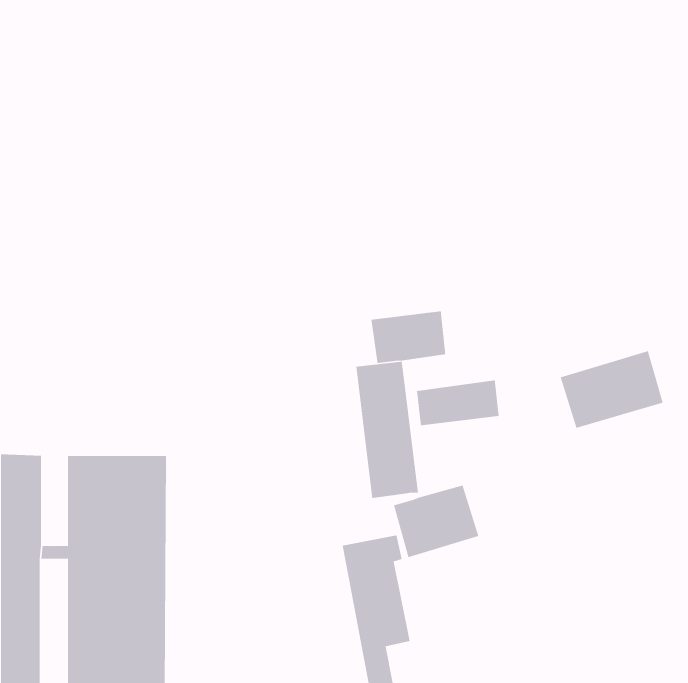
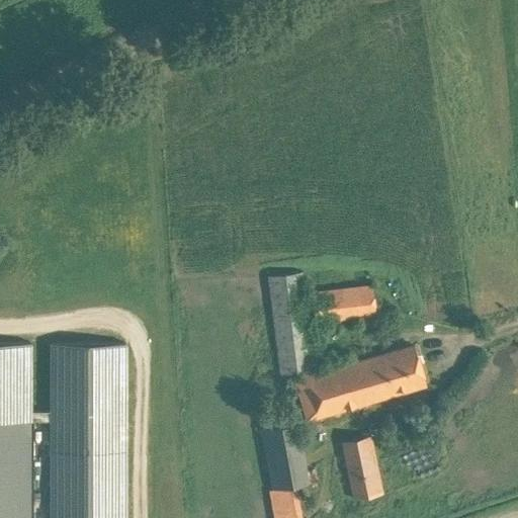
building: [371,311,446,364] -> none
building: [560,350,663,429] -> [348,348,426,407]
building: none -> [341,439,381,499]

